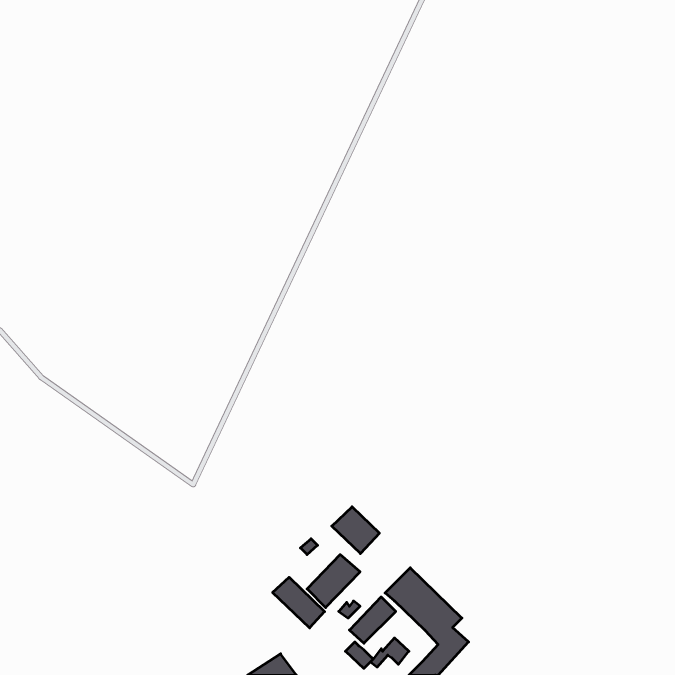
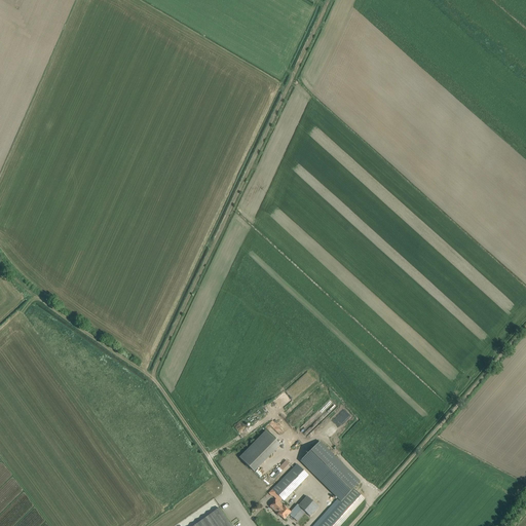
building: [332,507,379,554] -> none
building: [273,577,325,628] -> none

